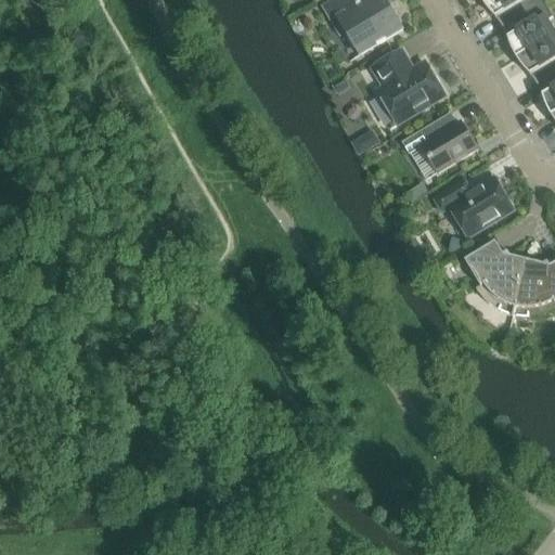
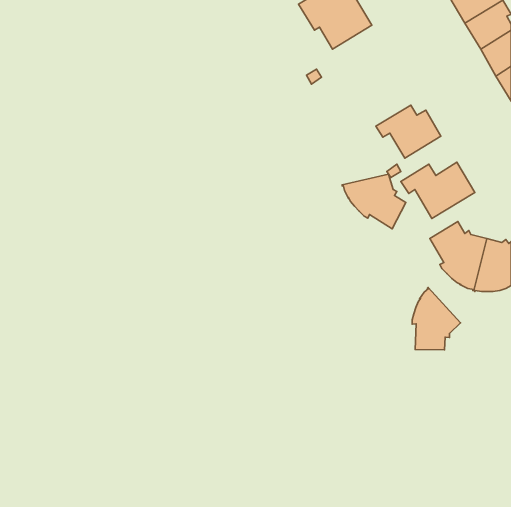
building: [373,49,444,122] -> none
building: none -> [342,174,406,229]
building: none -> [412,288,460,350]

